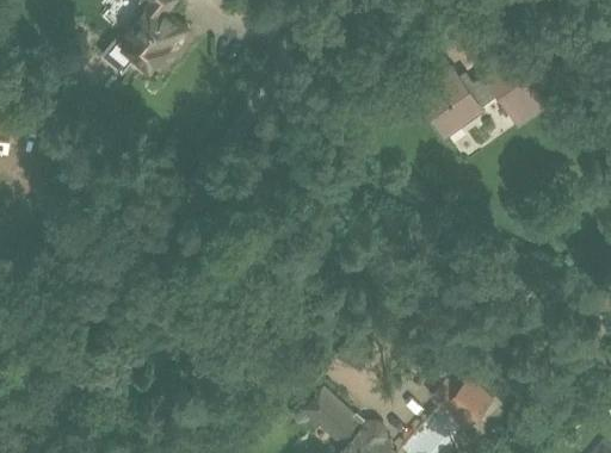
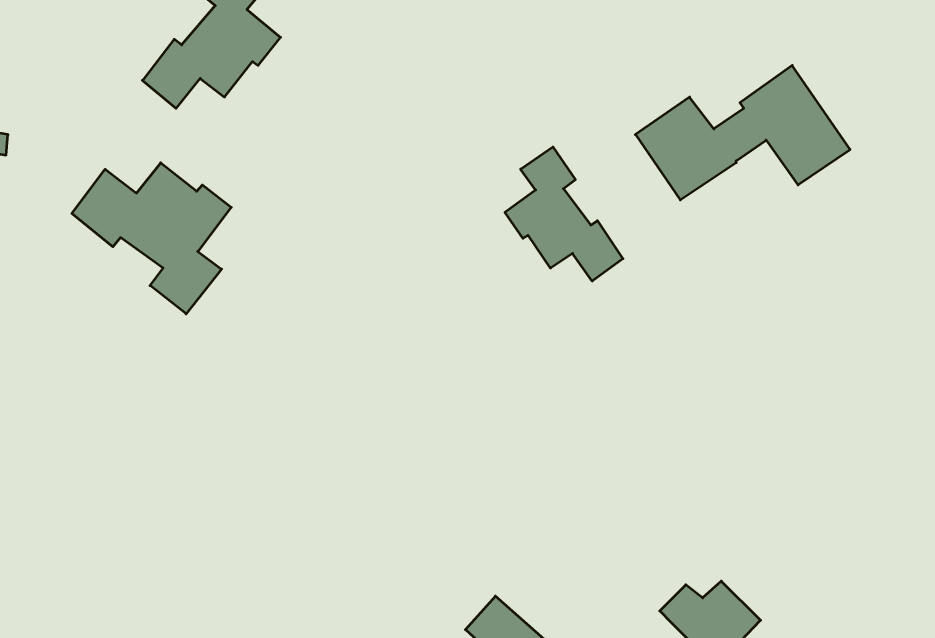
building: none -> [505,147,623,281]
building: none -> [72,163,231,314]

